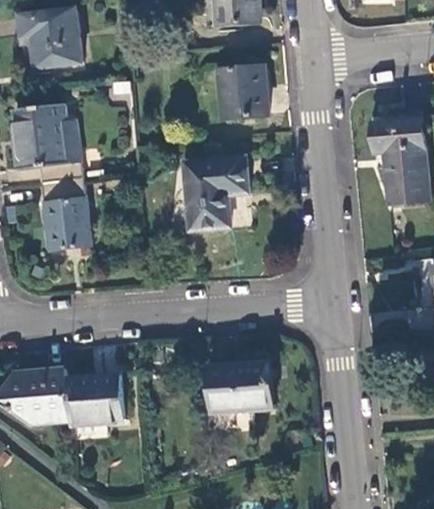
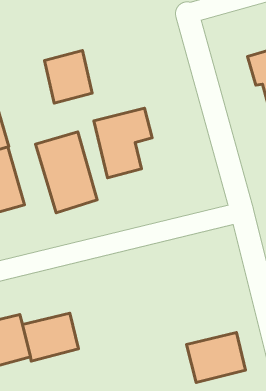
building: [218,66,266,120] -> [44,51,92,103]
building: none -> [35,132,97,213]
building: [211,362,273,411] -> [186,333,245,383]

